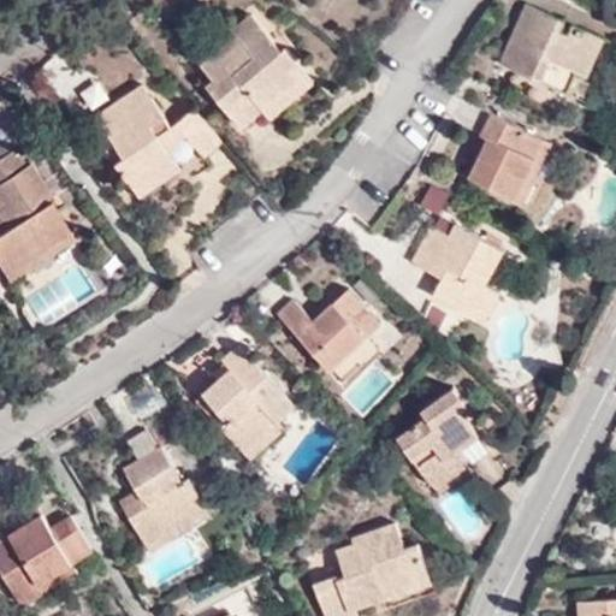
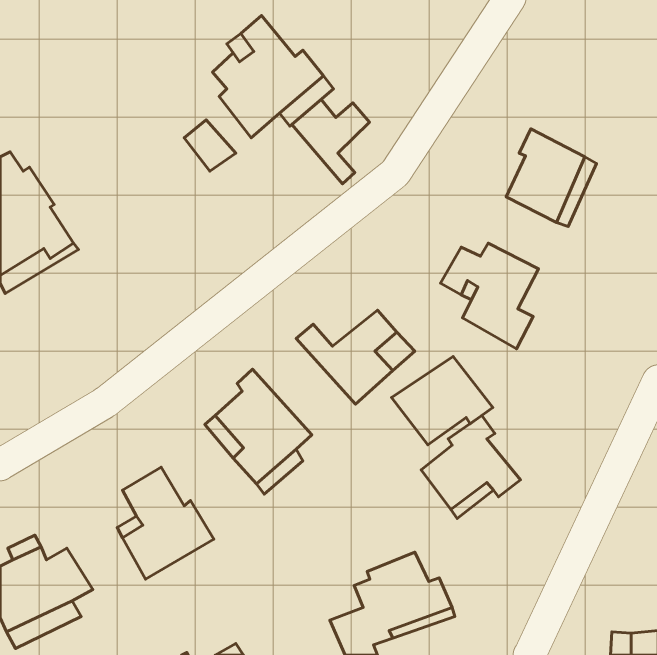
building: [497,10,599,101] -> none
building: [97,88,183,200] -> none
building: none -> [292,100,370,184]
building: none -> [392,357,493,445]

